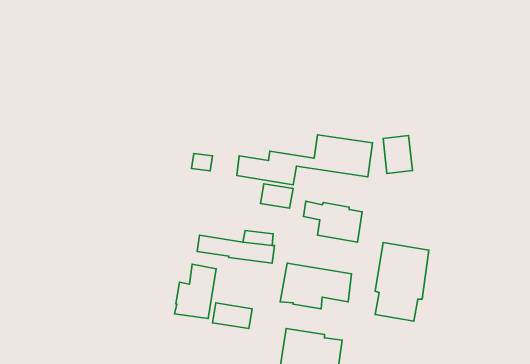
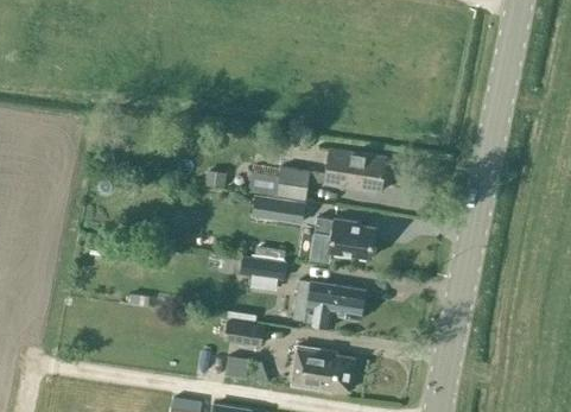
building: [383,136,412,174] -> none
building: [375,243,429,321] -> none
building: [175,264,216,319] -> none

